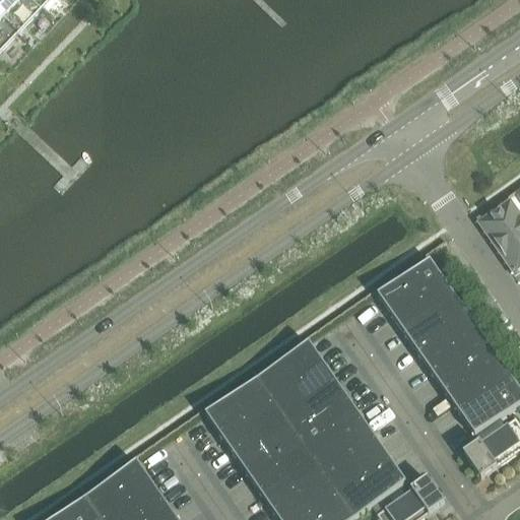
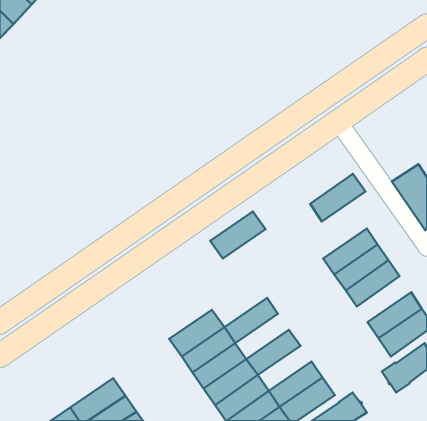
building: [378,256,445,314] -> [310,174,365,222]
building: [433,335,499,391] -> none
building: [257,340,324,397] -> [210,212,265,258]
building: [285,381,350,436] -> none
building: [313,419,378,474] -> none

